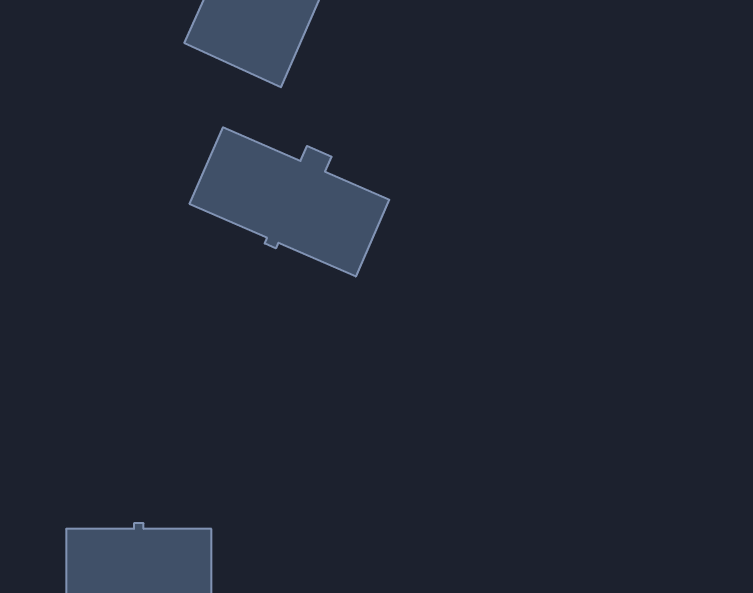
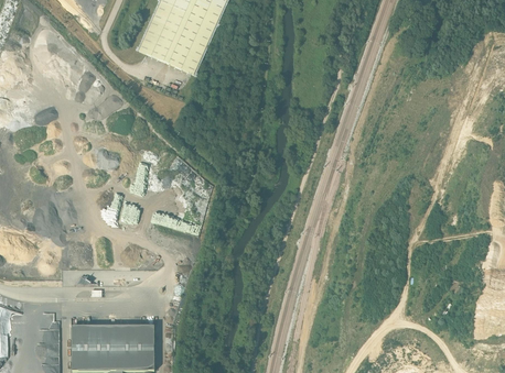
building: [190,127,389,277] -> none

